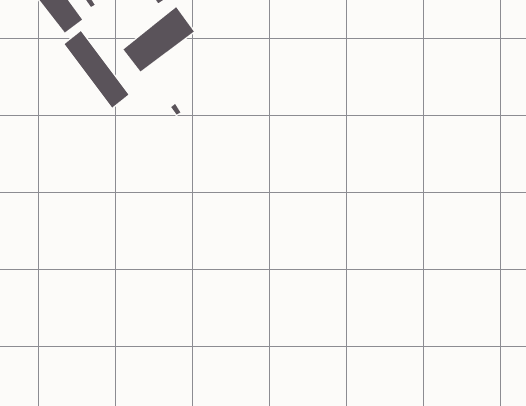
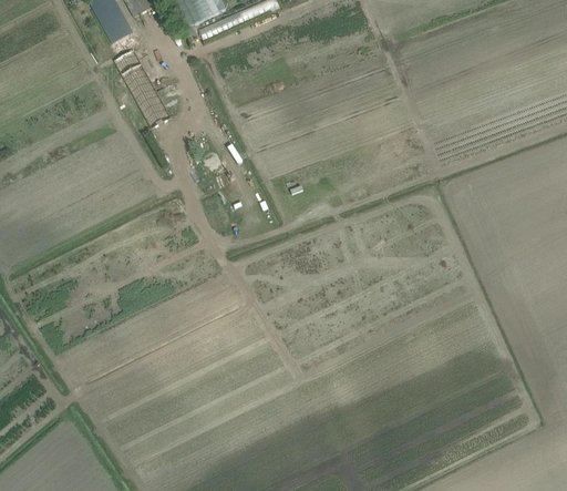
building: [122,6,195,73] -> none

